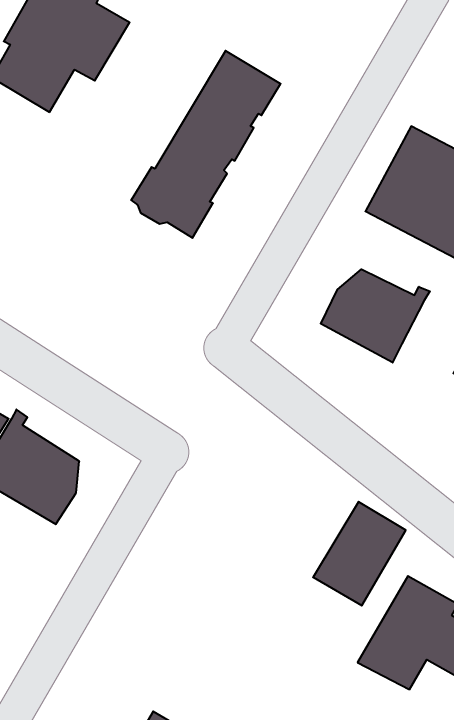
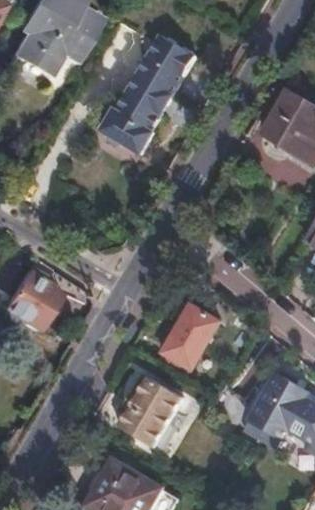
building: [321,269,430,363] -> none
building: [313,502,406,606] -> [161,302,220,368]
building: none -> [122,376,181,439]

